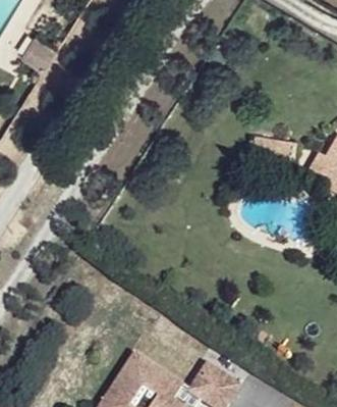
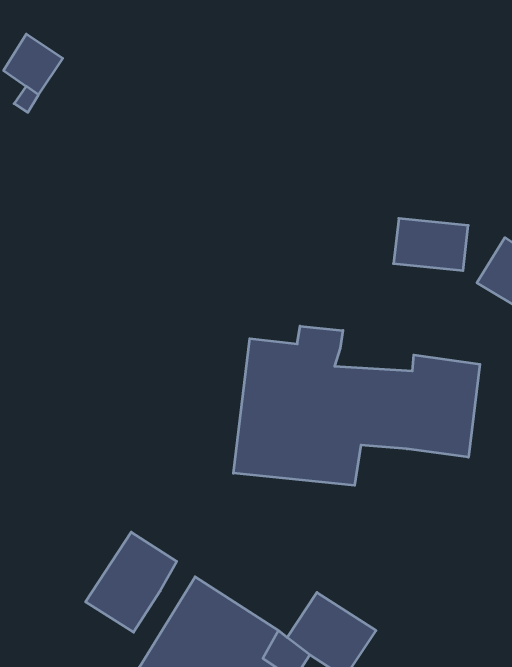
building: none -> [233,326,480,485]
building: none -> [86,532,177,632]

